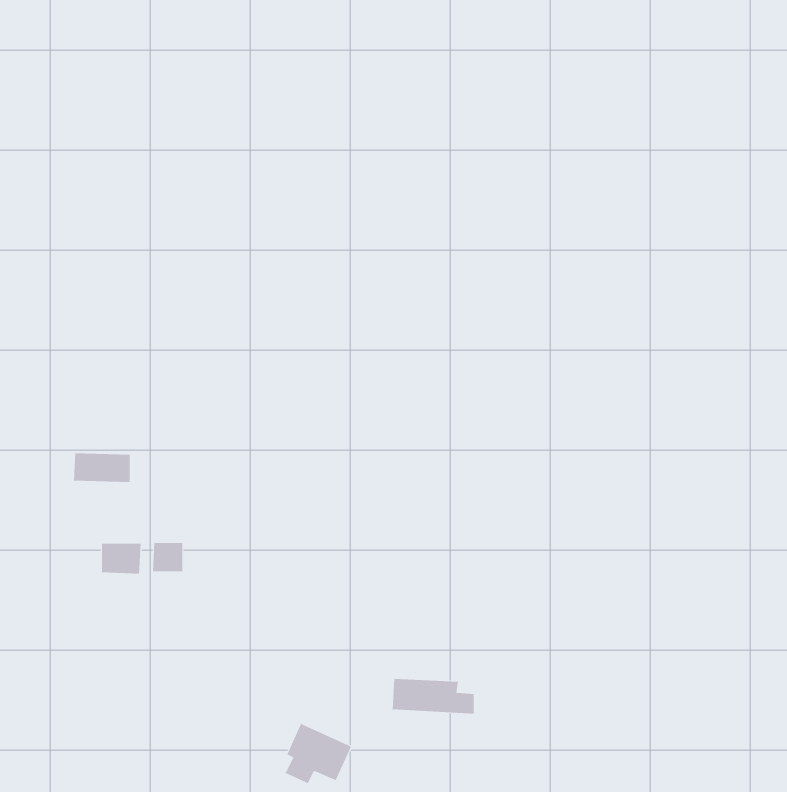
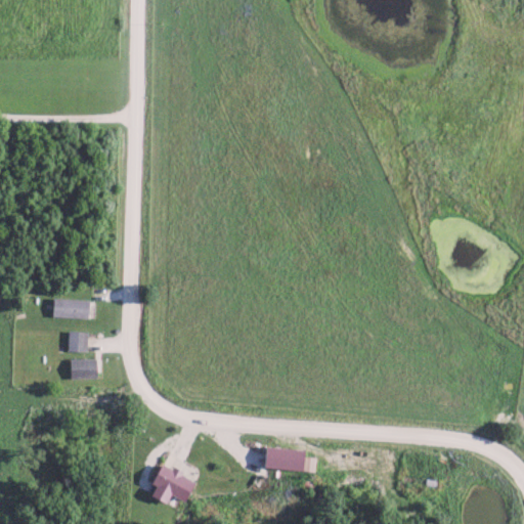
building: [152,542,183,572] -> [70,333,90,352]
building: [285,723,352,784] -> [150,464,194,504]

